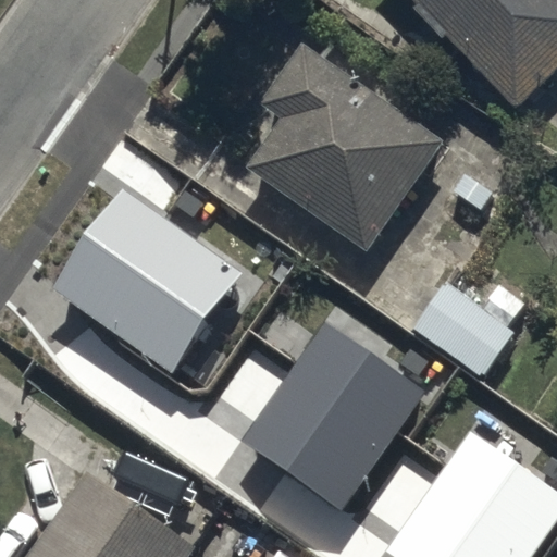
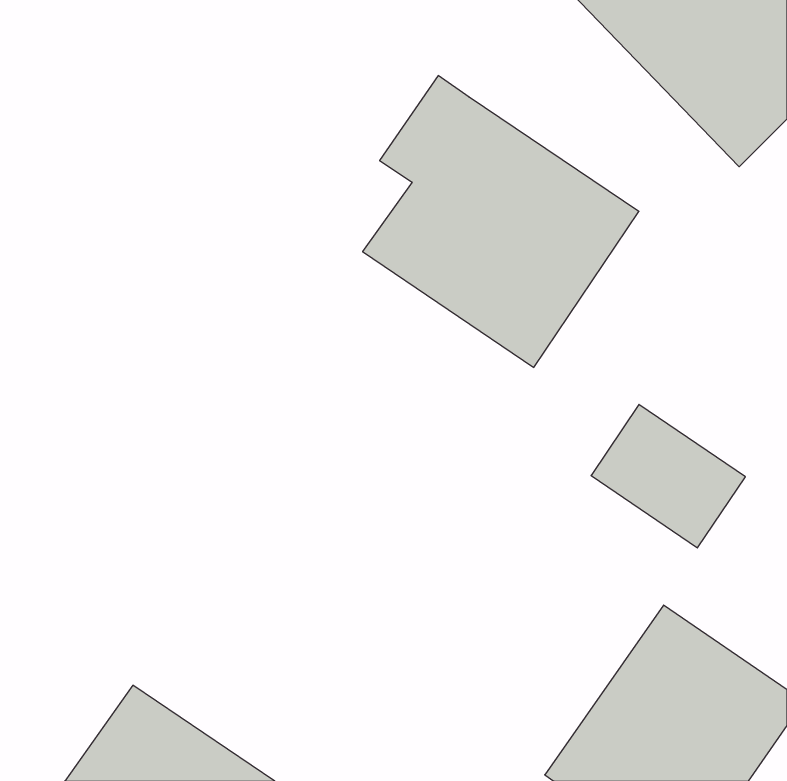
building: [52,186,243,369] -> none
building: [240,321,421,507] -> none

